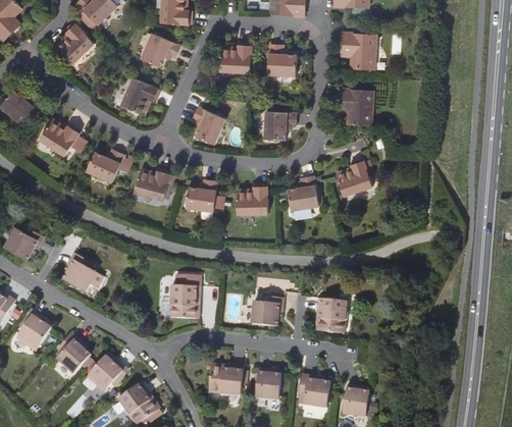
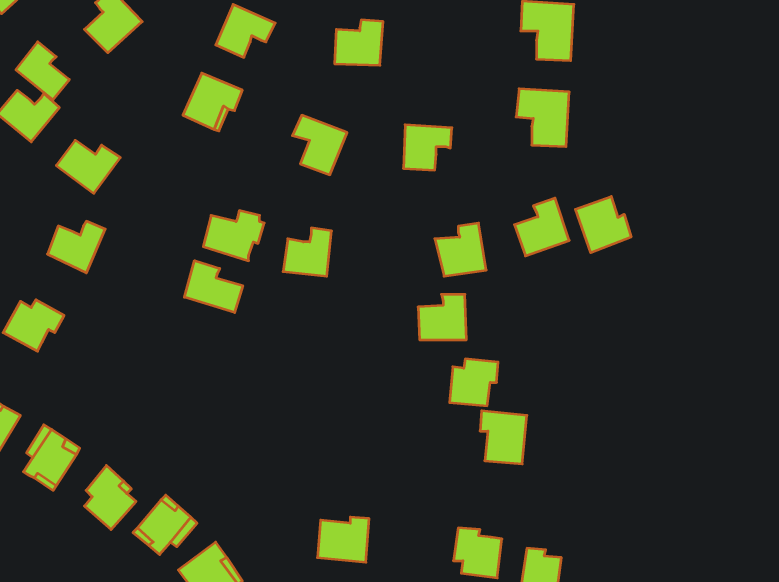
building: [264,44,297,75] -> none
building: none -> [16,42,69,100]
building: [85,148,122,181] -> [47,221,105,273]
building: none -> [575,196,631,253]
building: [235,184,266,214] -> [418,294,466,340]
building: none -> [184,261,243,313]
building: [62,253,103,291] -> none
building: [169,274,199,318] -> none
building: [250,296,281,326] -> [450,359,498,406]
building: [254,371,279,399] -> none

